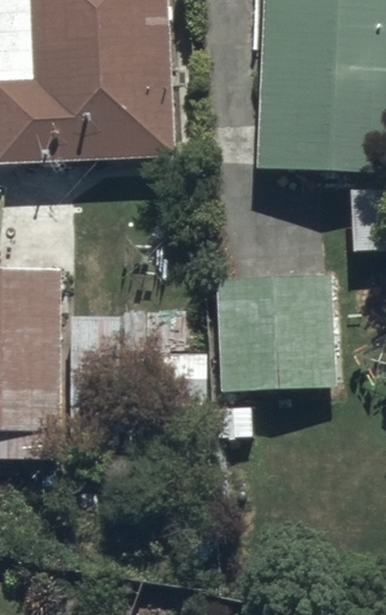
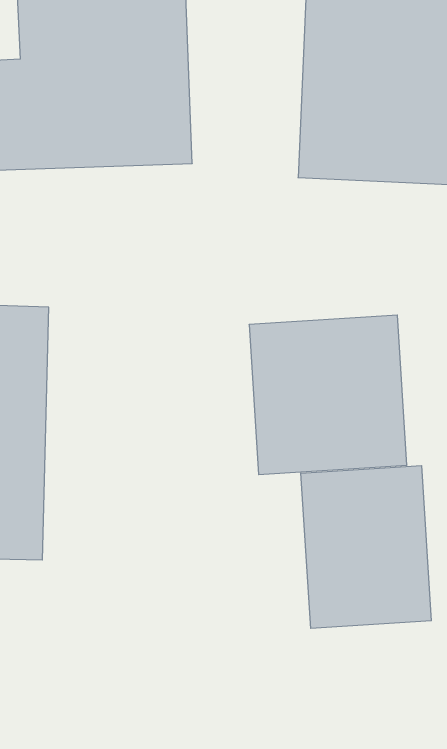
building: none -> [301,466,431,628]

